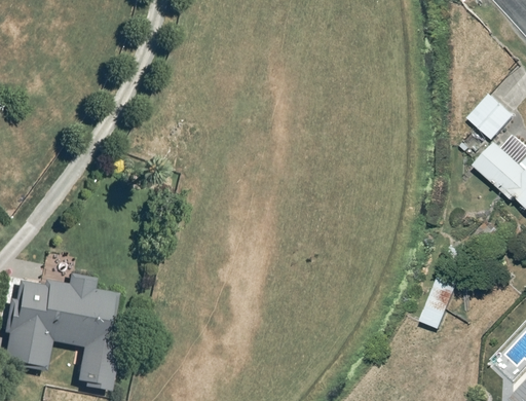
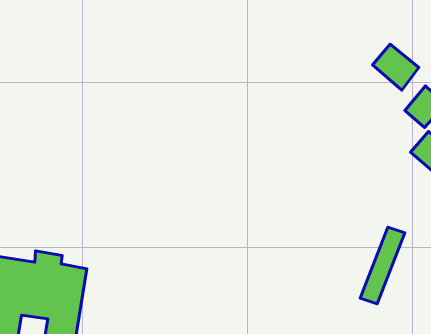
building: none -> [372,44,419,90]

